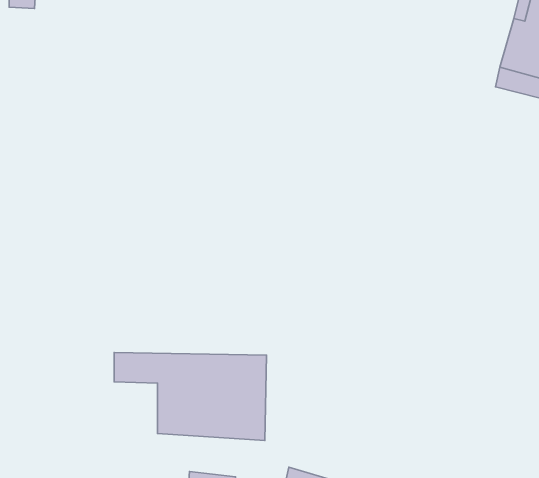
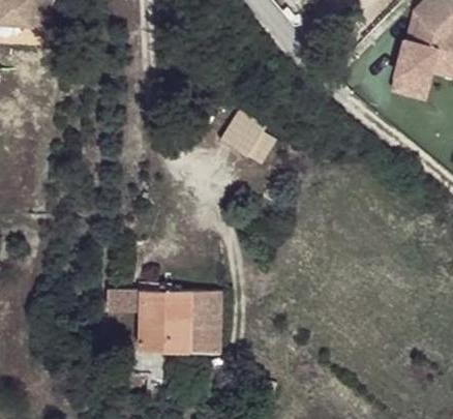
building: none -> [218,110,265,158]

